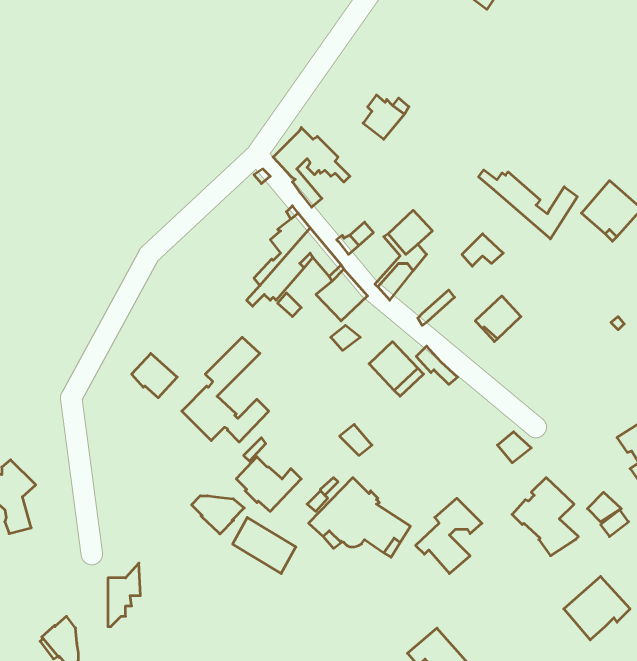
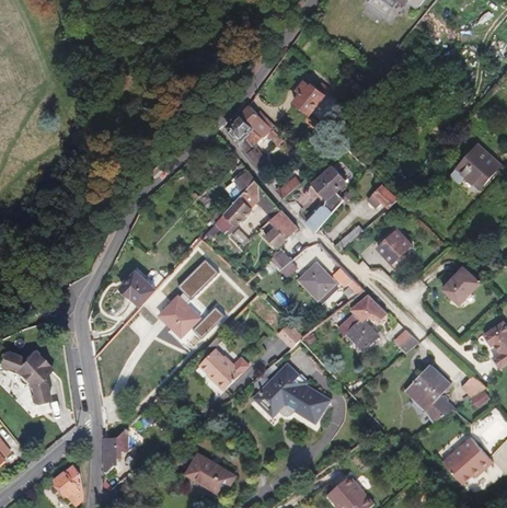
building: [479,170,577,239] -> none
building: none -> [441,266,480,303]
building: [192,496,244,534] -> none
building: [416,498,482,574] -> [337,293,387,349]
building: [233,517,296,574] -> [186,453,233,495]

